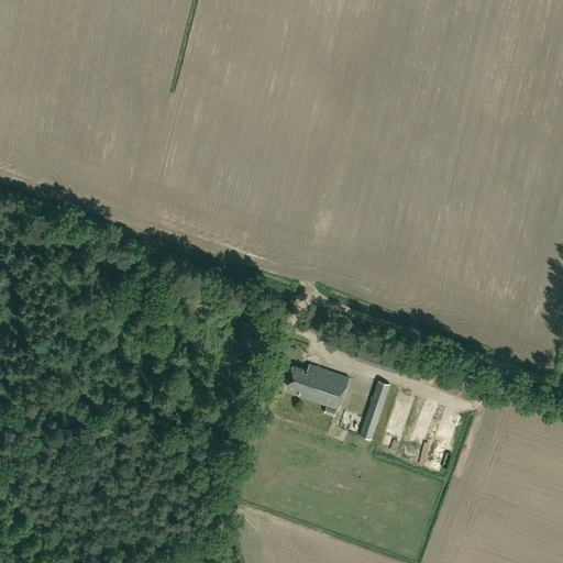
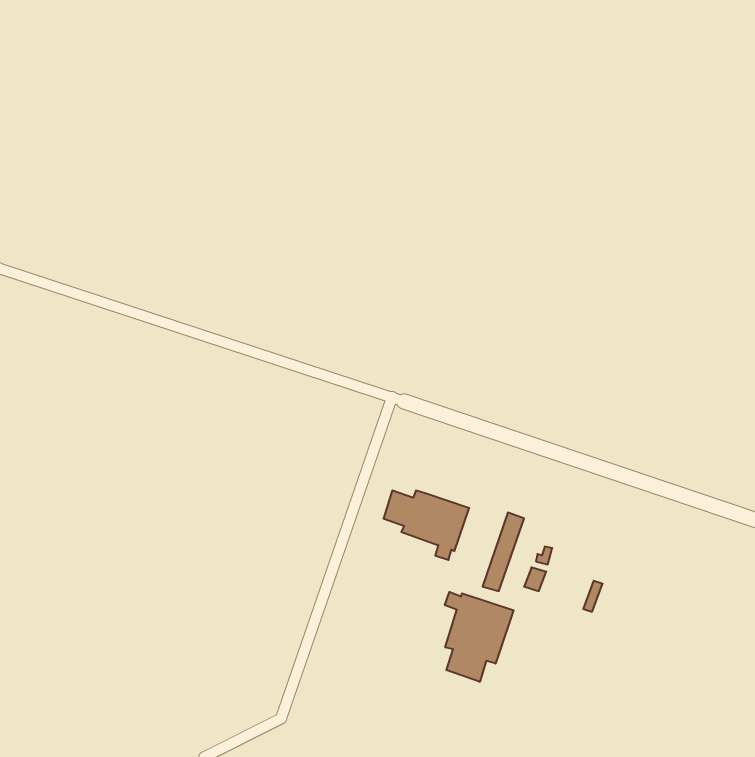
building: none -> [445,592,514,682]

